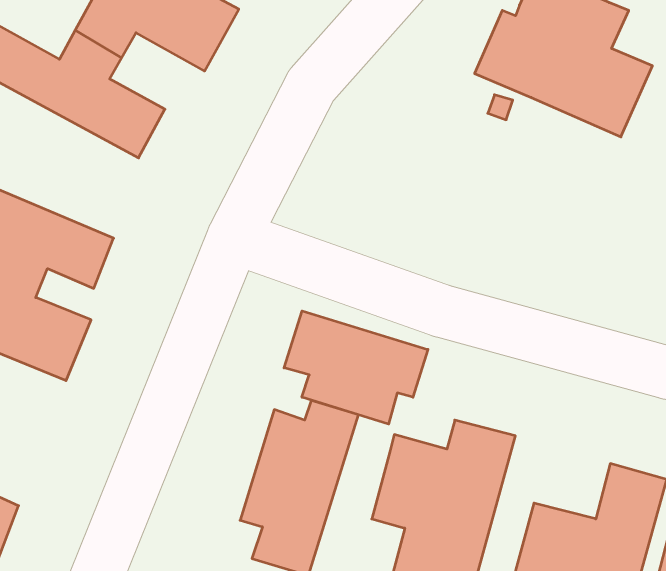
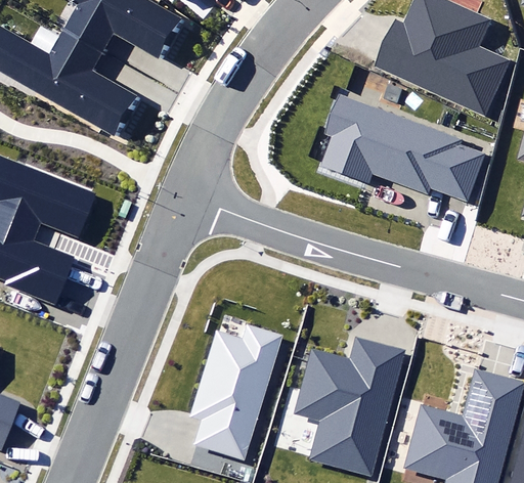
building: none -> [323,92,485,201]
building: [284,311,428,424] -> none

